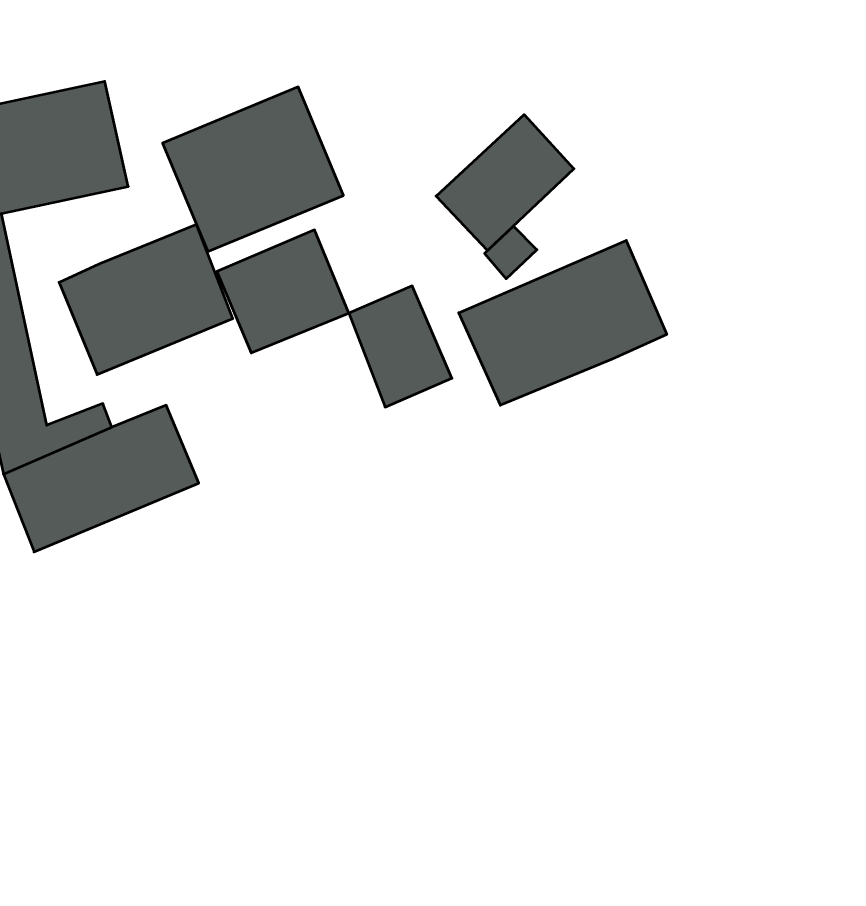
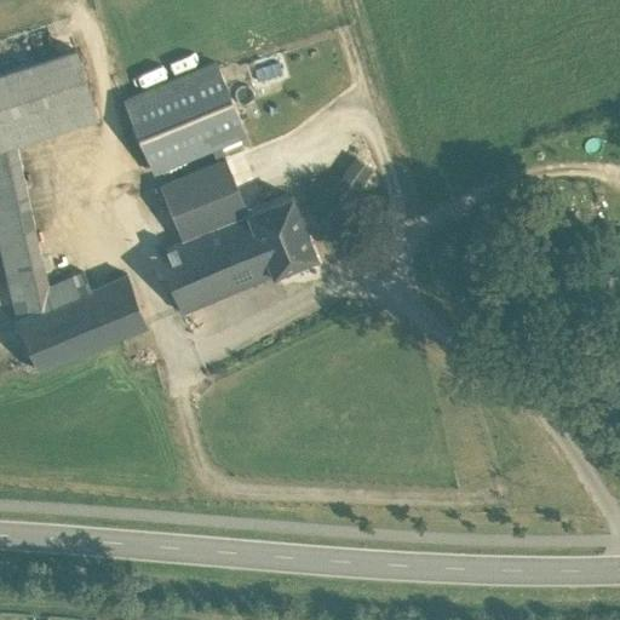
building: [436,115,574,251] -> none
building: [59,224,233,375] -> [155,214,271,315]
building: [459,240,667,405] -> none

